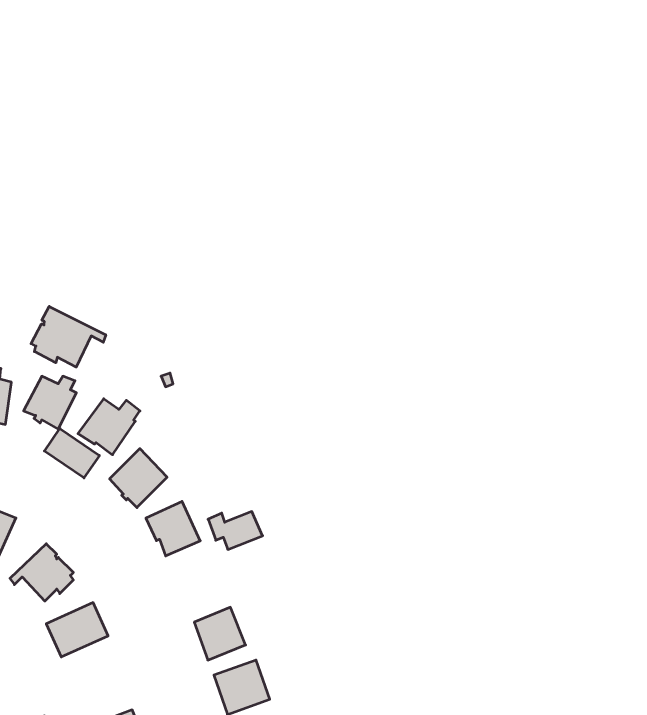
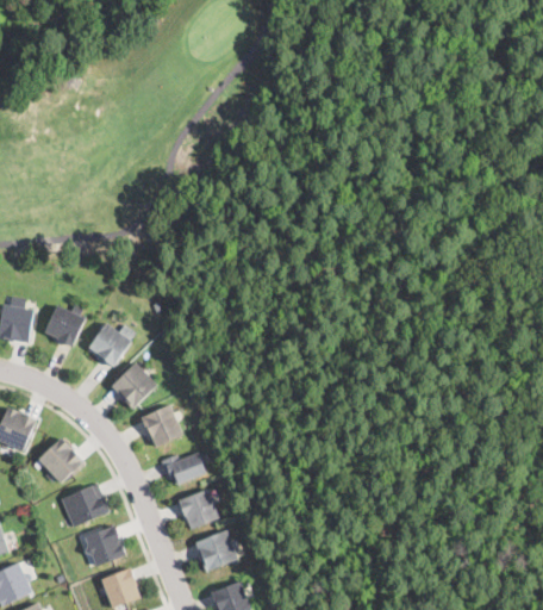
building: [31,306,106,367] -> none
building: [44,428,99,478] -> none
building: [208,512,263,549] -> [162,453,205,483]
building: none -> [83,524,124,565]

